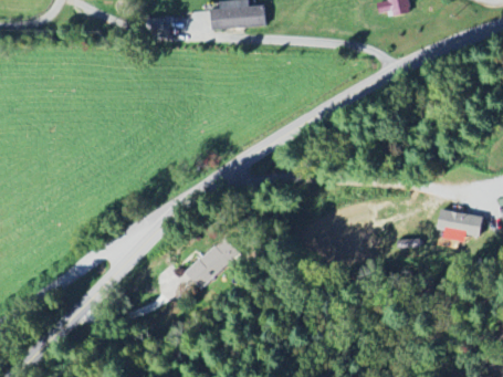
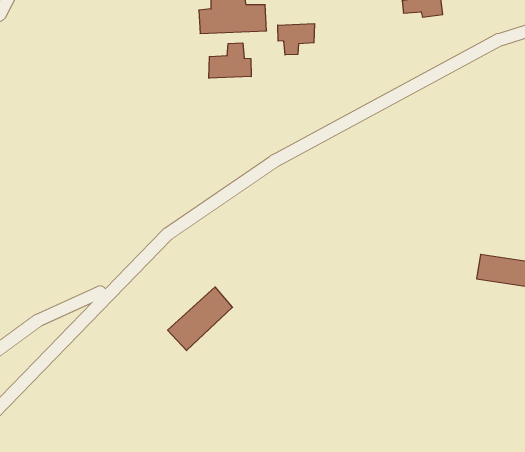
building: none -> [278,24,315,55]
building: none -> [209,43,251,78]

